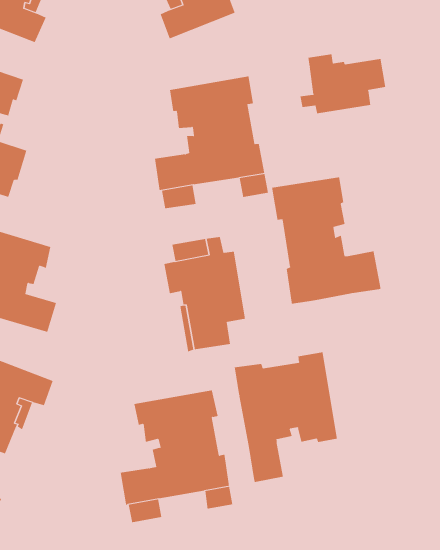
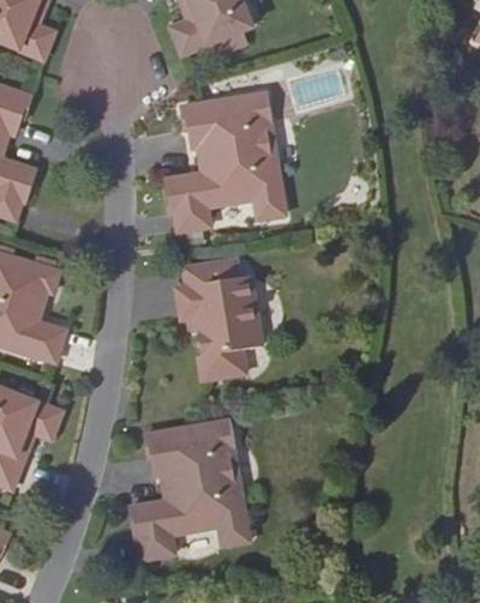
building: [300,54,386,114] -> none
building: [272,177,381,305] -> none
building: [234,352,337,483] -> none

